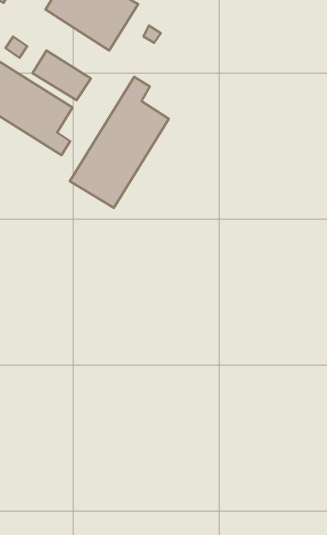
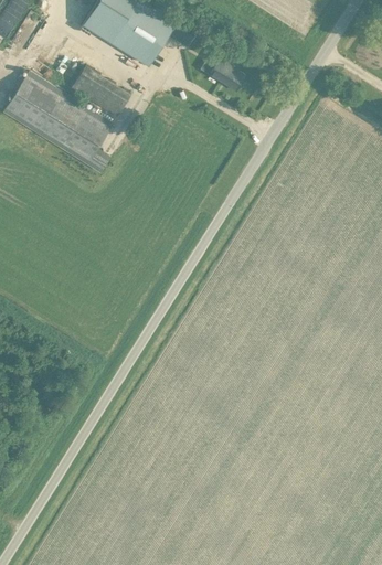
building: none -> [208,60,244,93]
building: [70,77,169,208] -> none

